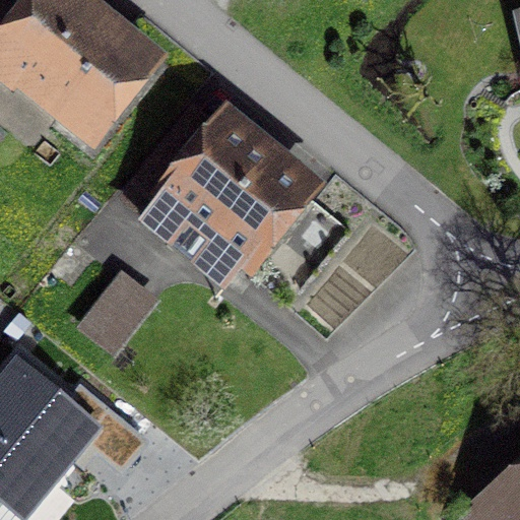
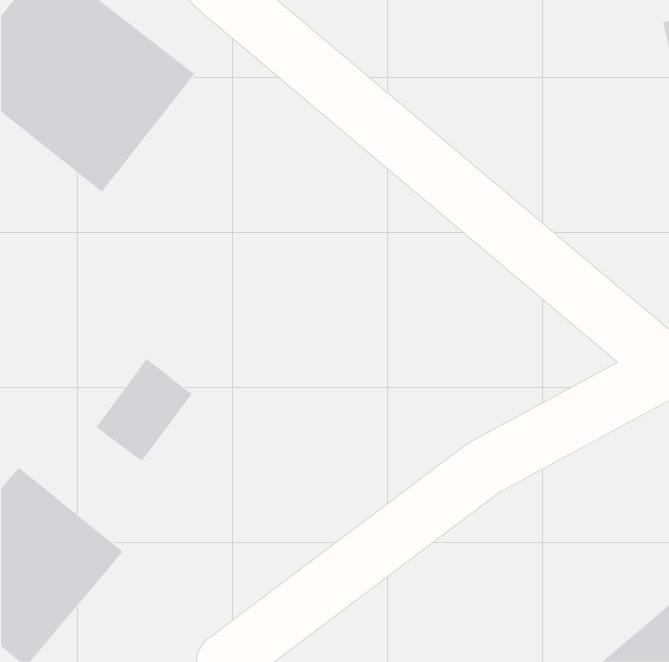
building: [138,114,311,276] -> none

